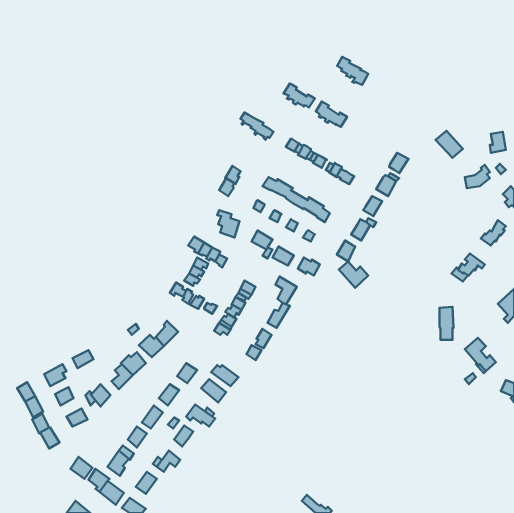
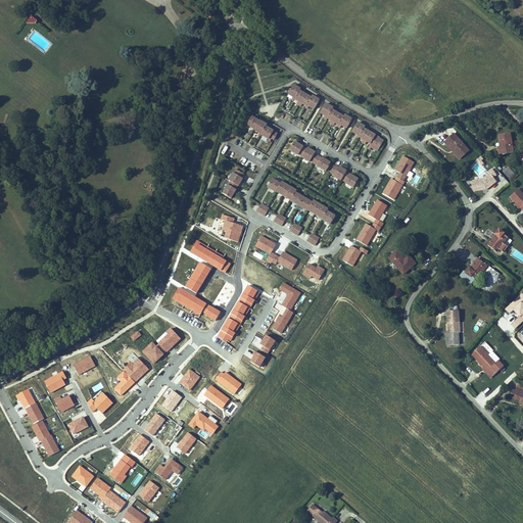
building: [337,57,368,85] -> [352,123,384,151]
building: [339,262,368,288] -> [387,249,417,276]

